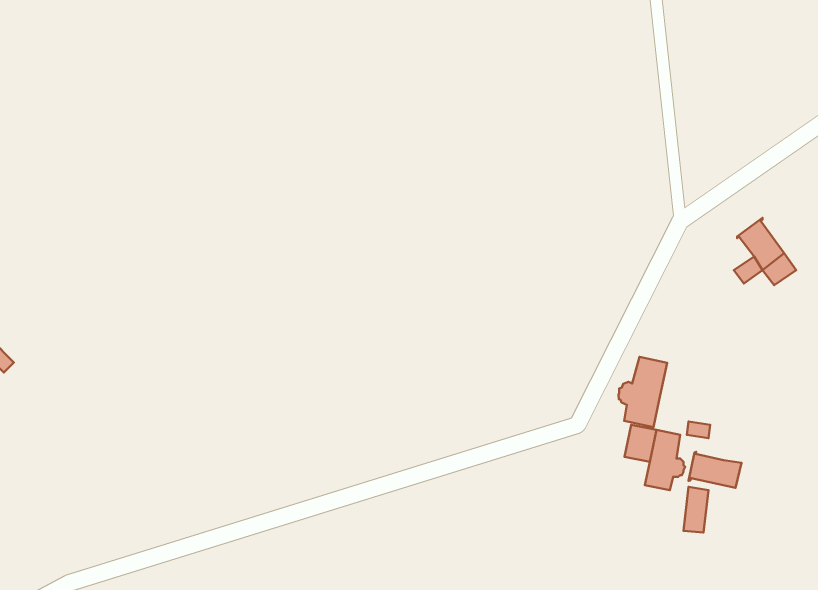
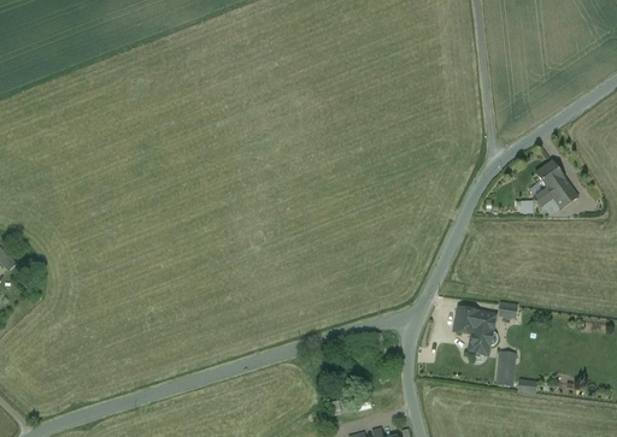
building: [618,357,667,427] -> none
building: [689,452,742,488] -> none

